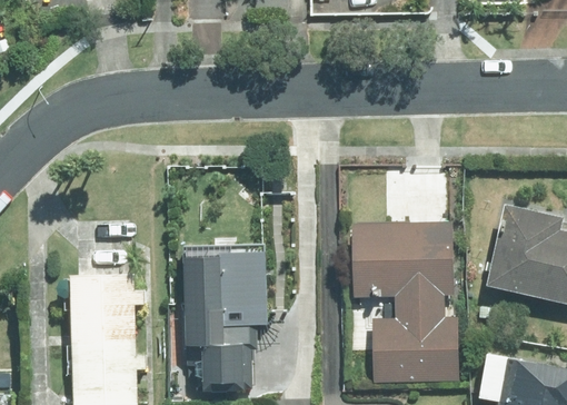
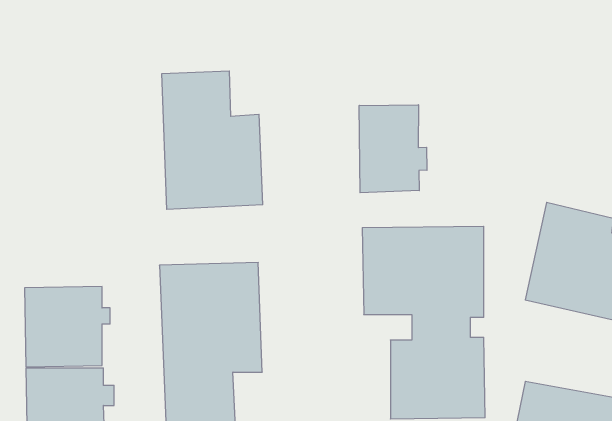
building: none -> [162,71,263,209]
building: none -> [359,105,427,193]

